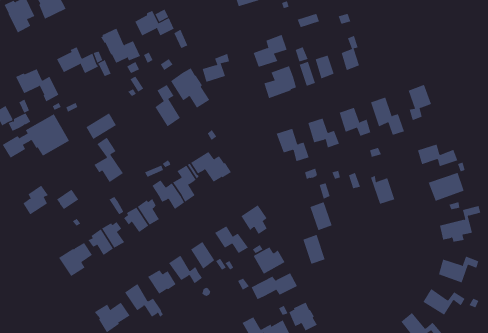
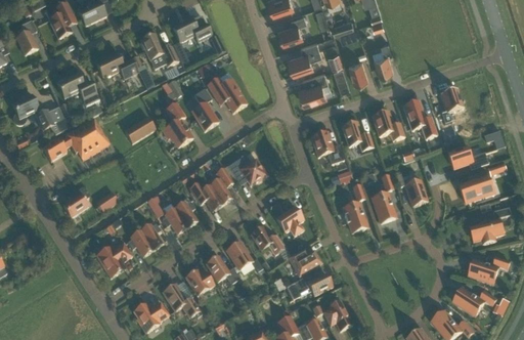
building: [202,53,230,82] -> [278,13,306,42]
building: [93,137,124,183] -> [162,102,191,147]
building: [303,234,326,265] -> [372,194,394,223]

